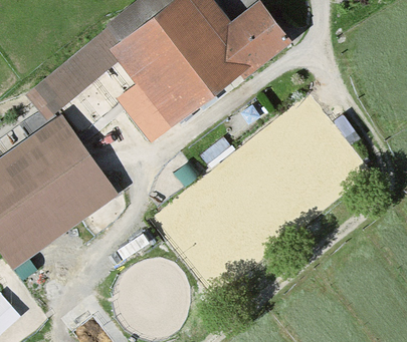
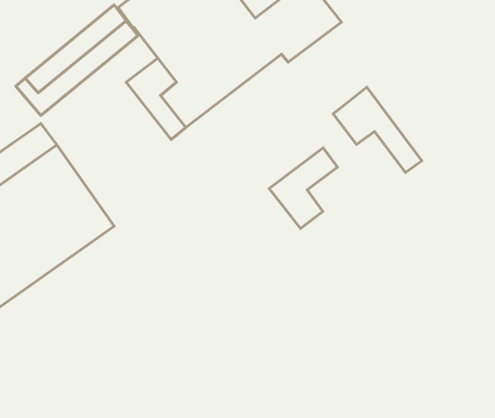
building: none -> [333,87,422,173]
building: none -> [269,148,337,229]

